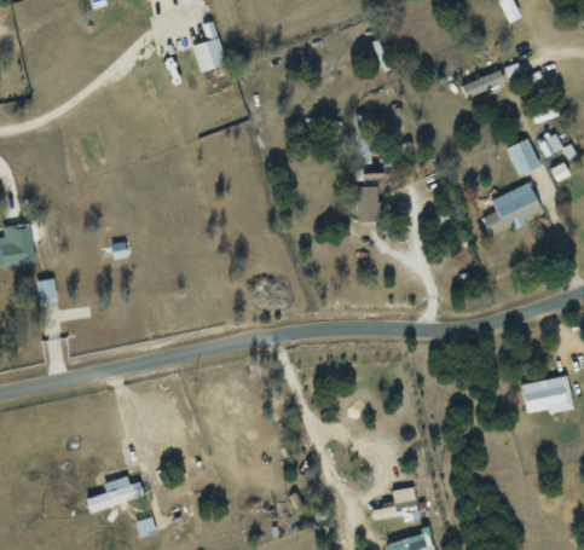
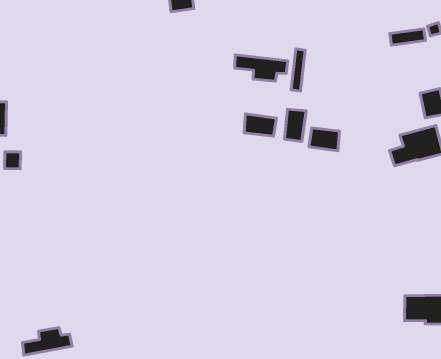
building: none -> [235,55,288,81]
building: none -> [244,114,276,136]
building: none -> [309,128,340,151]

